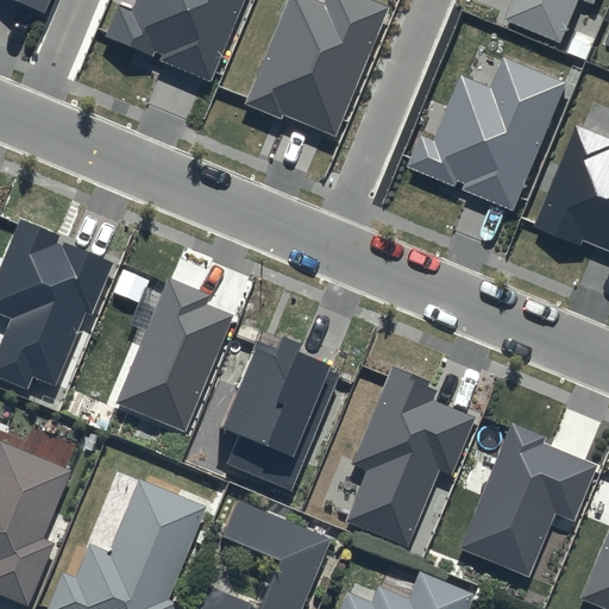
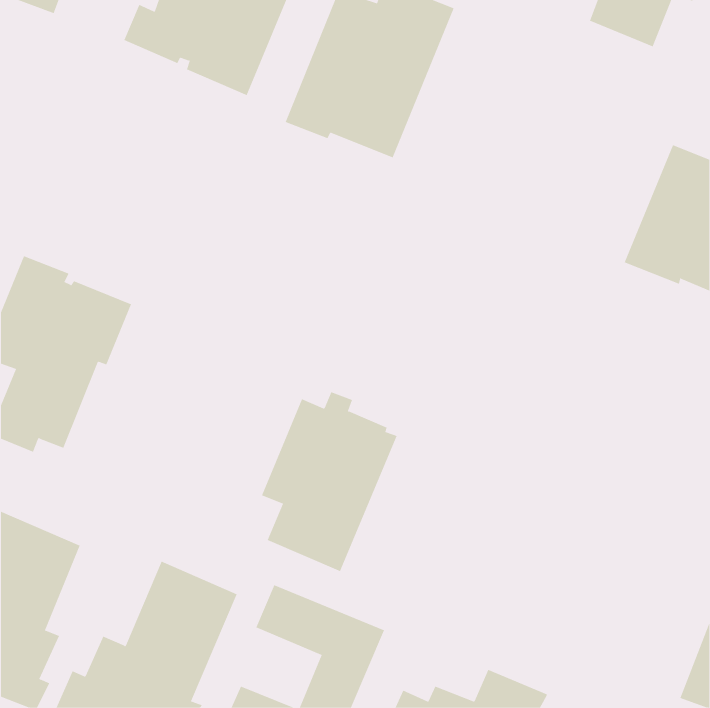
building: [406,58,564,209] -> none
building: [118,277,233,431] -> none
building: [347,365,477,547] -> none
building: [460,421,597,575] -> none

